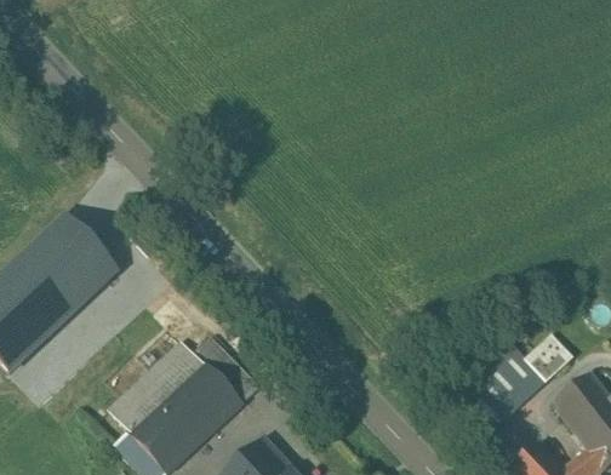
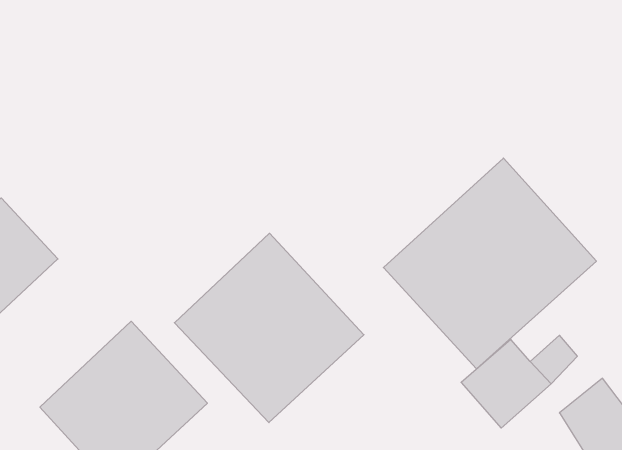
building: none -> [383,158,596,369]
building: none -> [174,233,364,423]

